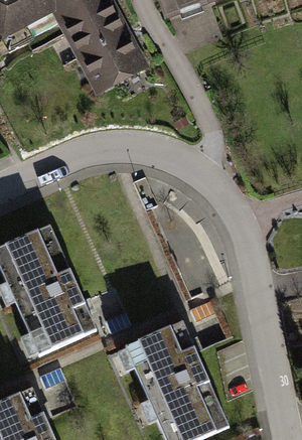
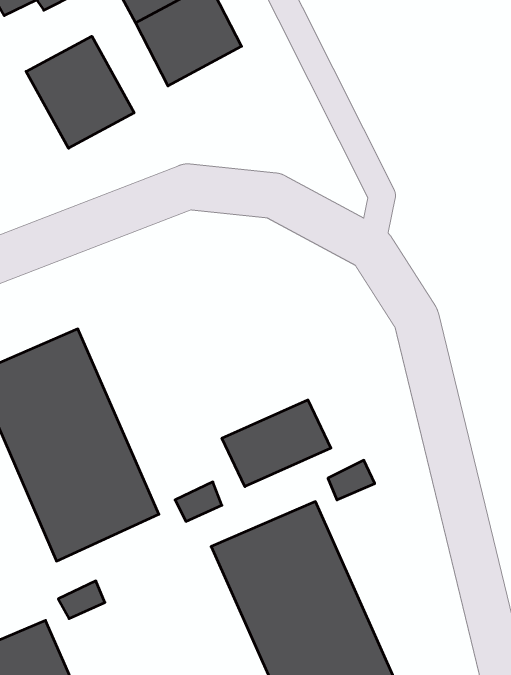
building: none -> [26,36,134,148]
building: none -> [222,400,331,487]

